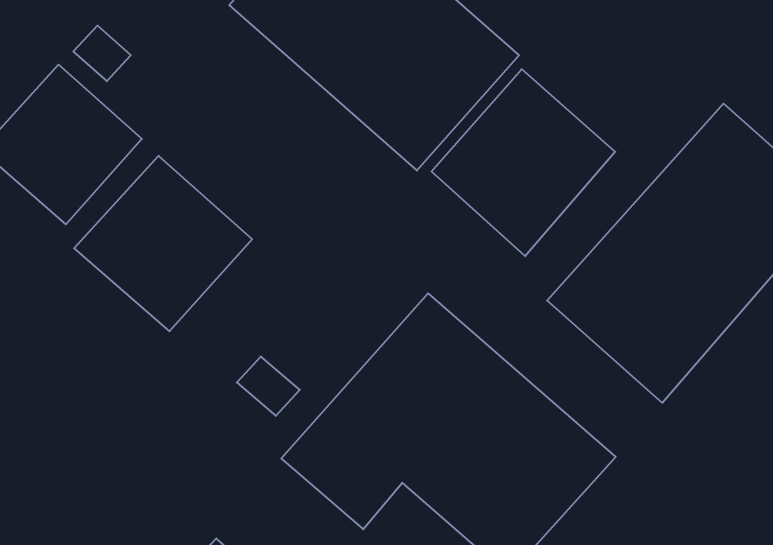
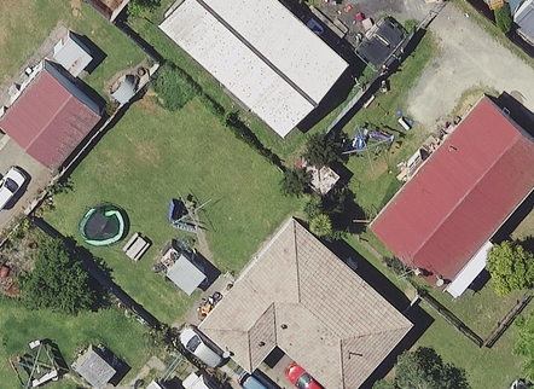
building: [432,69,615,256] -> none
building: [74,156,252,331] -> none

